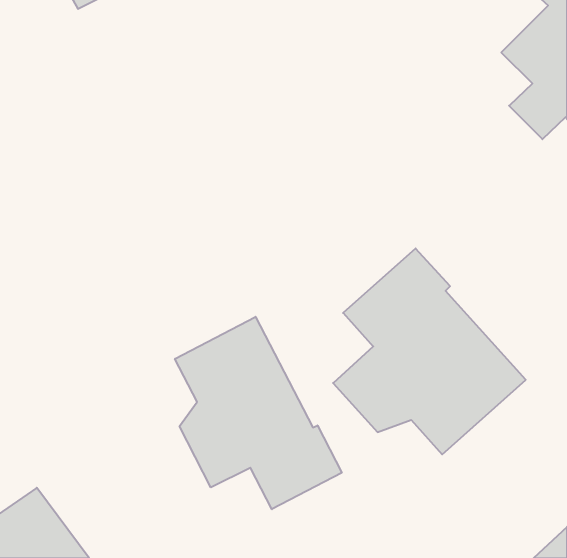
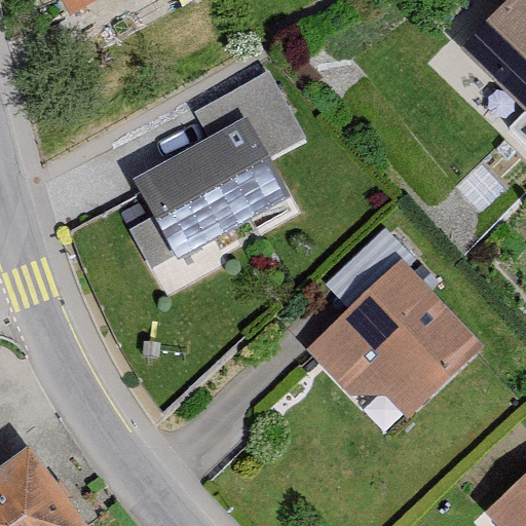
building: none -> [142,72,302,254]
building: [175,317,342,509] -> none

